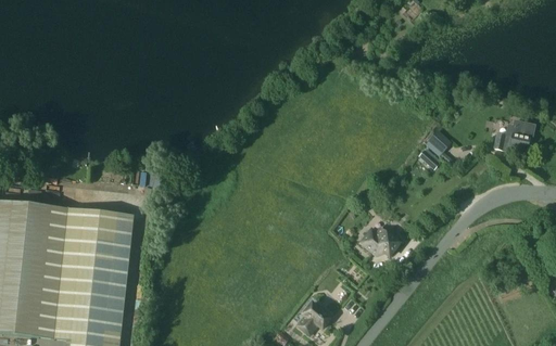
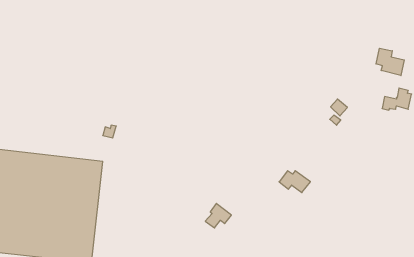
building: none -> [376,48,404,76]
building: [296,302,330,333] -> [205,203,231,228]

